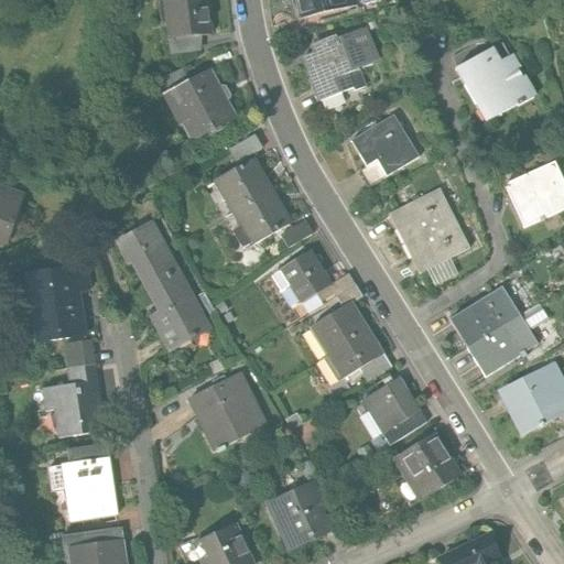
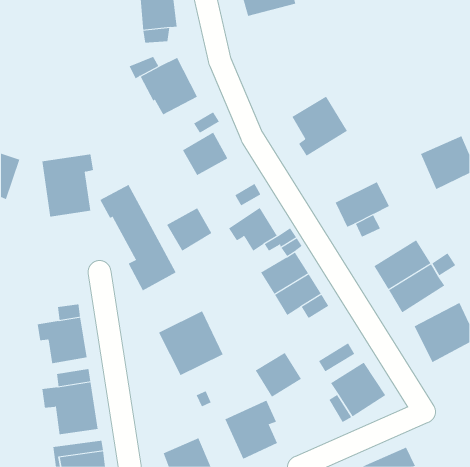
building: [302,29,378,100] -> none
building: [453,50,533,123] -> none
building: [386,187,452,242] -> none
building: [236,189,291,242] -> [166,207,212,252]
building: [29,263,91,339] -> [41,154,94,217]
building: [64,338,95,367] -> none
building: [361,378,417,432] -> [255,352,302,397]

